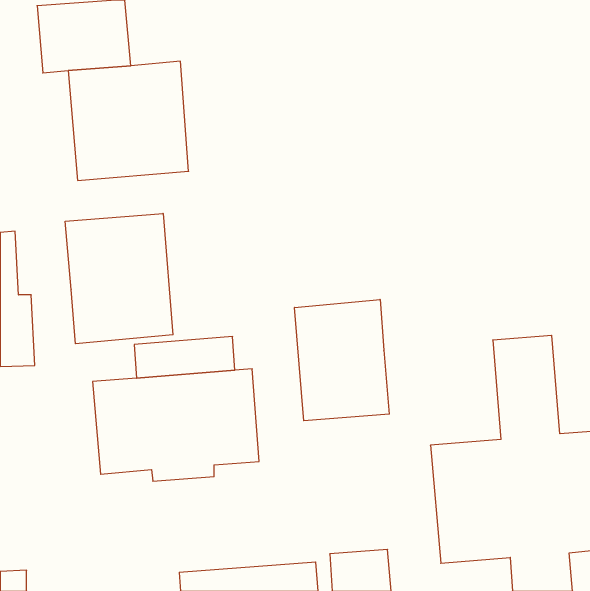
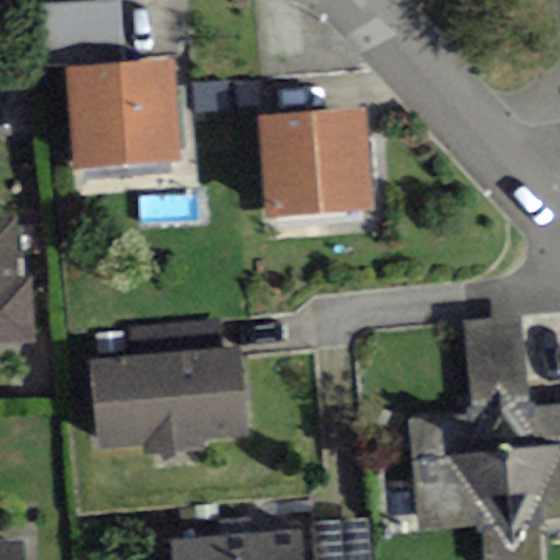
building: none -> [258,107,375,221]
building: [65,213,173,344] -> none
building: [295,299,389,421] -> none

